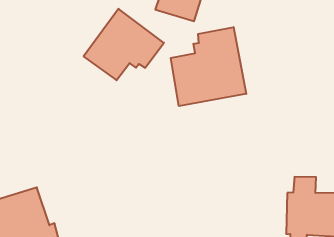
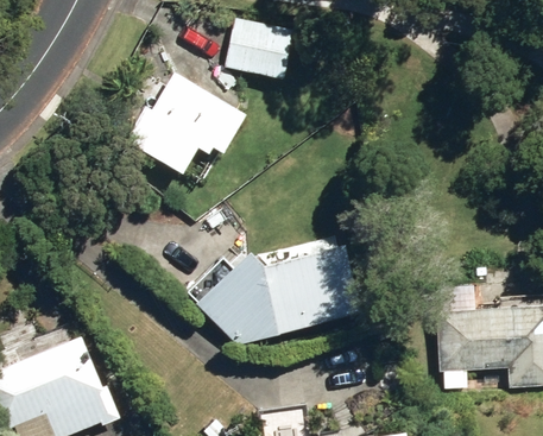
building: [171,27,246,106] -> none
building: none -> [194,242,361,346]

